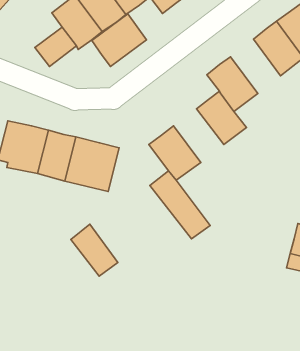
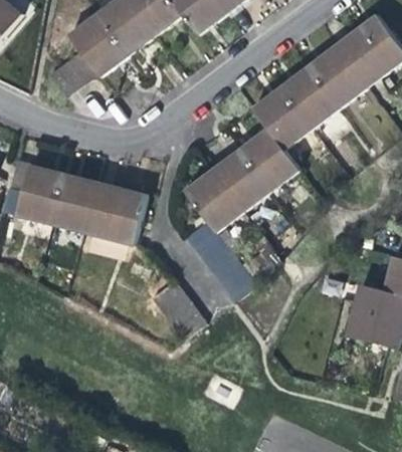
building: [92,14,146,67] -> none
building: none -> [280,64,340,129]
building: none -> [213,147,272,210]
building: [71,224,118,276] -> [152,278,207,340]

